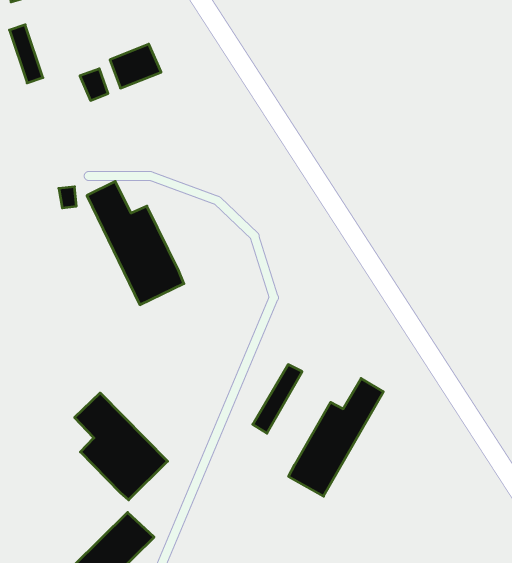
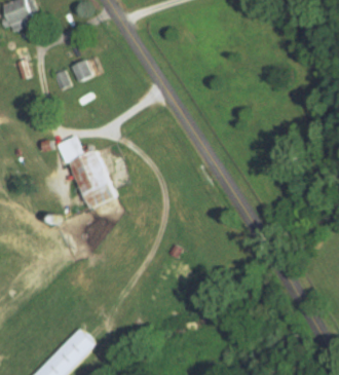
building: [289,378,383,496] -> none
building: [75,393,168,500] -> none

